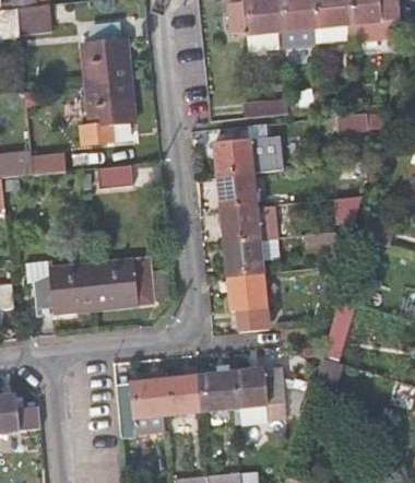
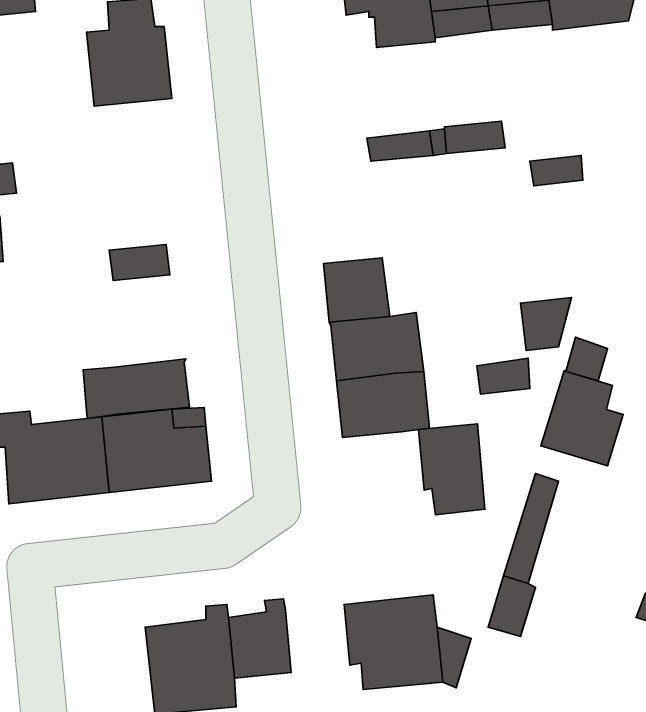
building: [87,81,137,143] -> none
building: [216,137,285,176] -> none
building: none -> [83,359,190,418]
building: none -> [541,371,623,466]
building: [230,273,269,326] -> [419,424,485,515]
building: [198,373,235,412] -> none

